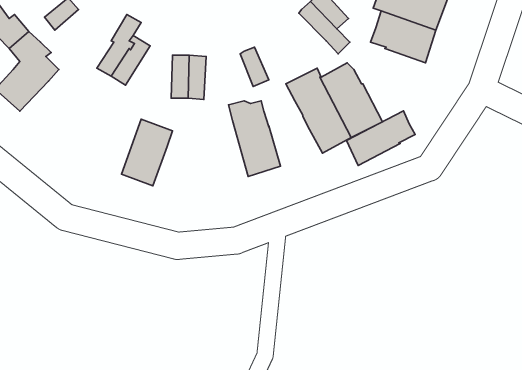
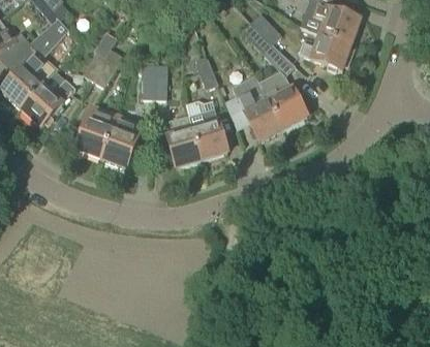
building: none -> [21,75,75,127]
building: none -> [75,105,117,158]
building: [347,111,415,165] -> none
building: none -> [163,116,202,167]

